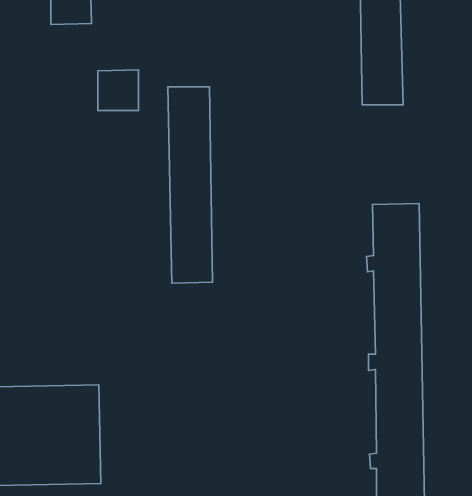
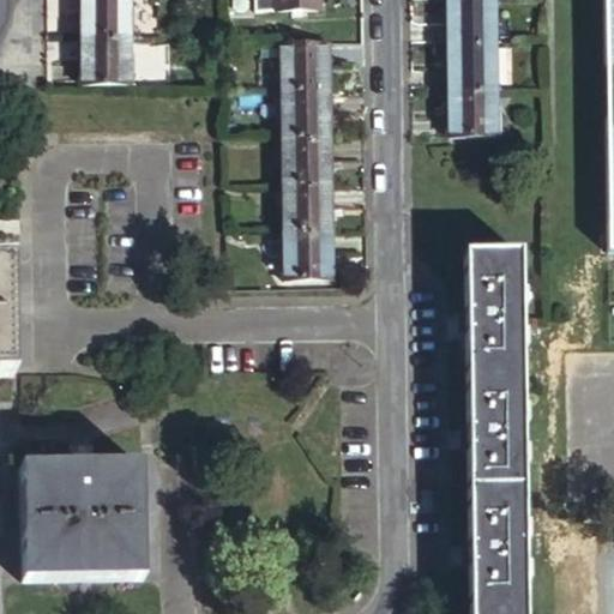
building: [98,70,138,110] -> [85,32,133,80]
building: [168,87,212,283] -> [284,43,337,275]

